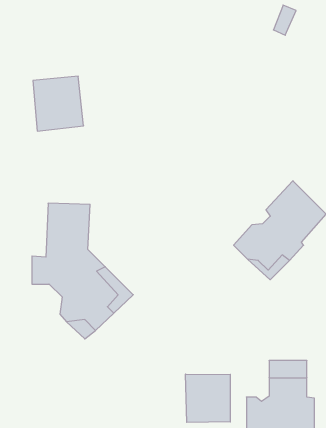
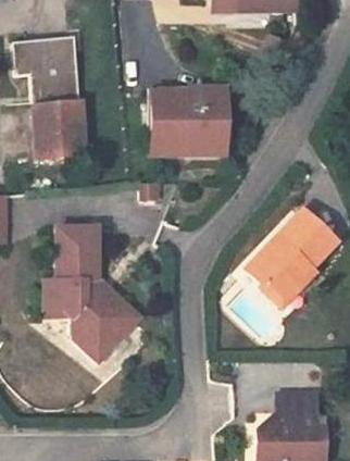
building: none -> [18,35,88,107]
building: none -> [152,92,221,154]
building: [186,374,230,422] -> none

